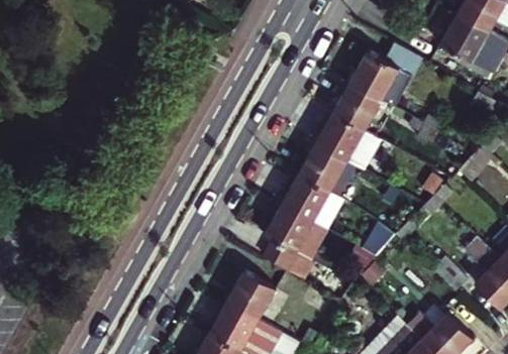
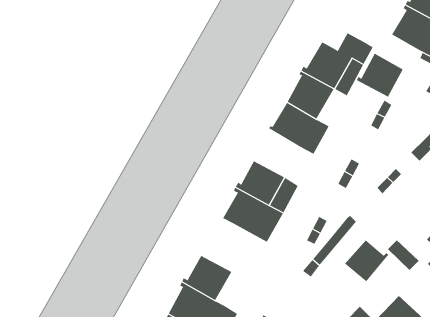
building: none -> [356,53,403,98]
building: [298,141,347,192] -> none
building: [266,240,312,279] -> none
building: none -> [344,240,389,282]

